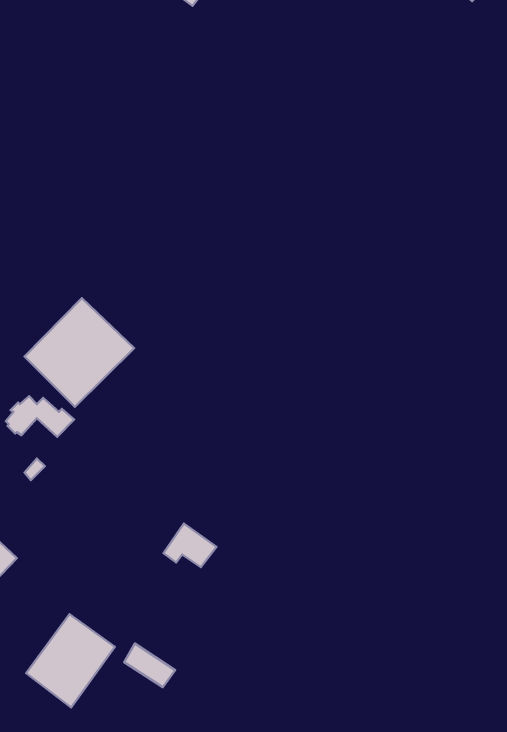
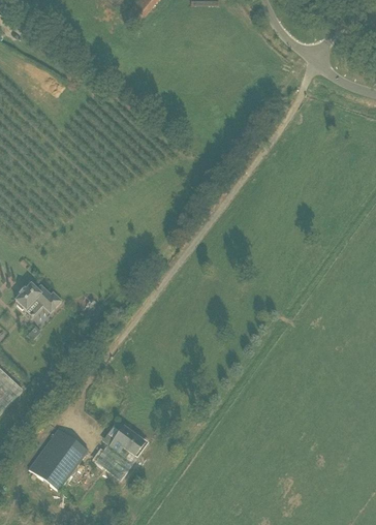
building: [25,298,134,407] -> none
building: [164,524,216,567] -> [108,425,144,454]

